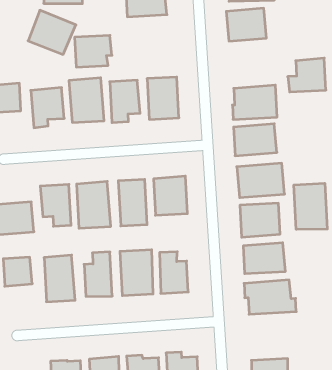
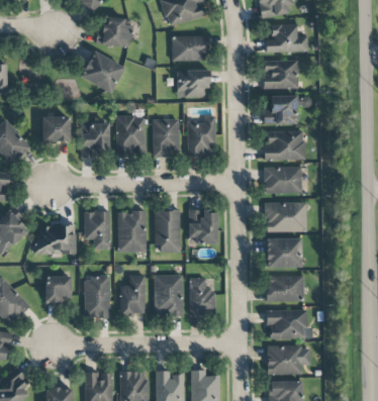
building: [75,35,112,67] -> [177,70,210,97]
building: [288,58,326,92] -> [263,95,297,124]
building: [294,183,327,229] -> none
building: none -> [267,345,310,374]

